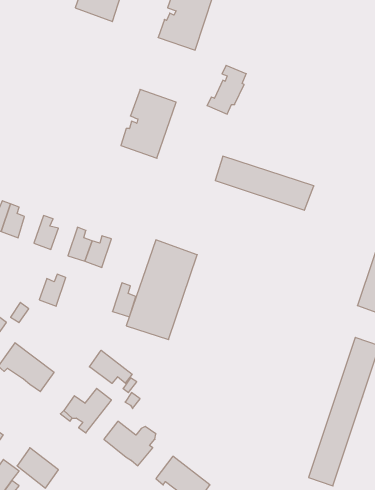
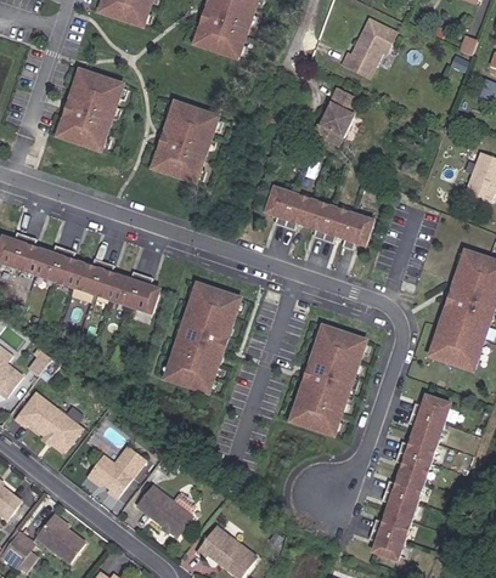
building: none -> [344,18,398,76]
building: none -> [60,72,123,152]
building: [207,65,246,114] -> [311,92,356,148]
building: none -> [36,246,66,282]
building: [39,274,66,306] -> [74,260,105,296]
building: none -> [286,321,367,436]
building: [112,283,136,317] -> [133,277,159,316]
building: [89,350,132,383] -> none

